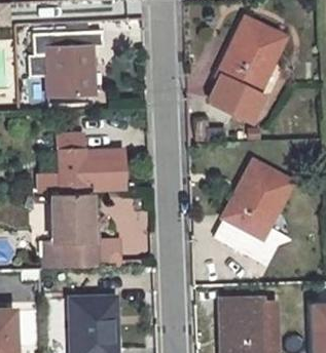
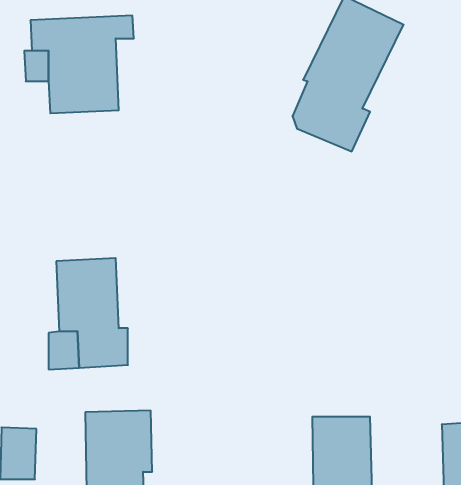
building: [39,132,124,194] -> none
building: [216,160,293,264] -> none

